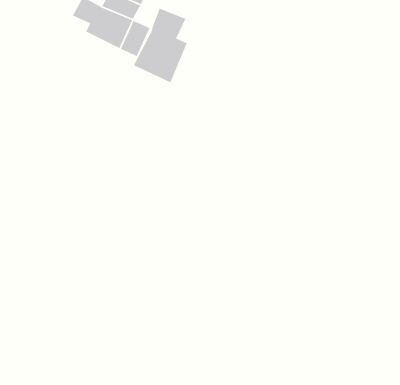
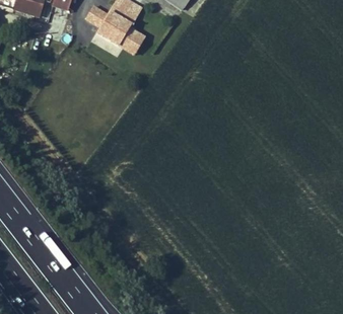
building: [133,8,188,83] -> none

